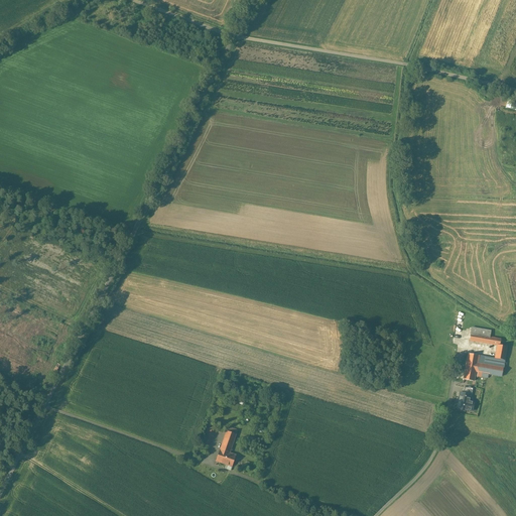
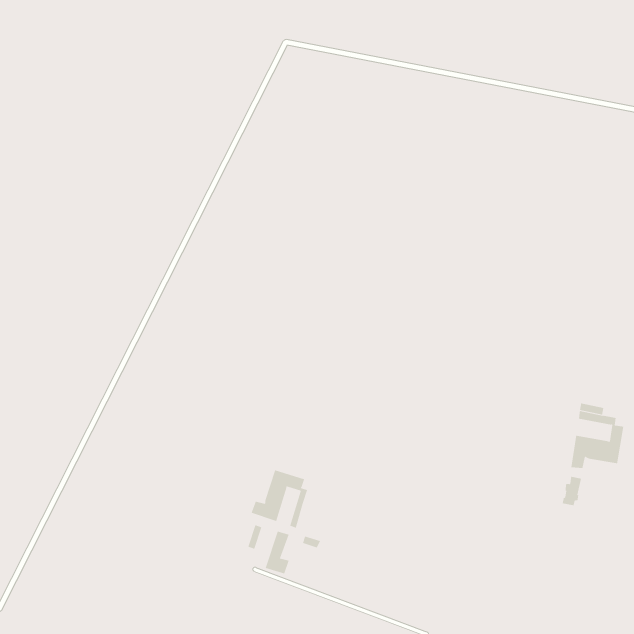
building: none -> [251,469,308,528]

